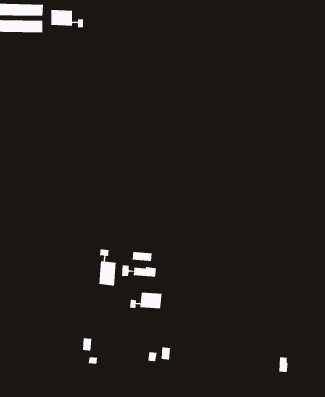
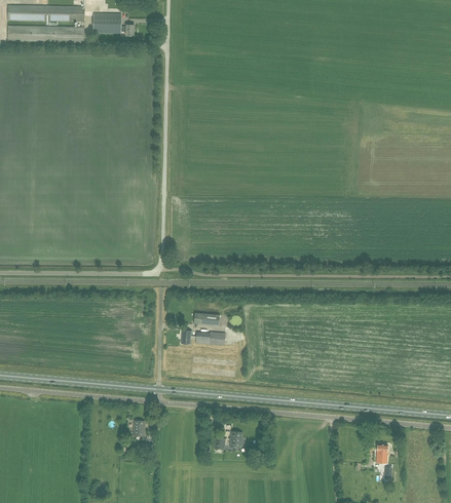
building: [99,249,116,286] -> none
building: [130,292,162,309] -> none

